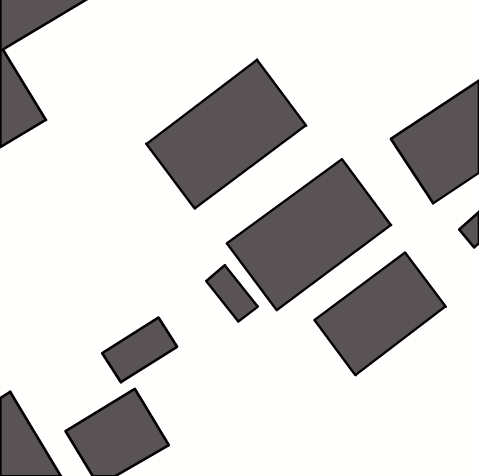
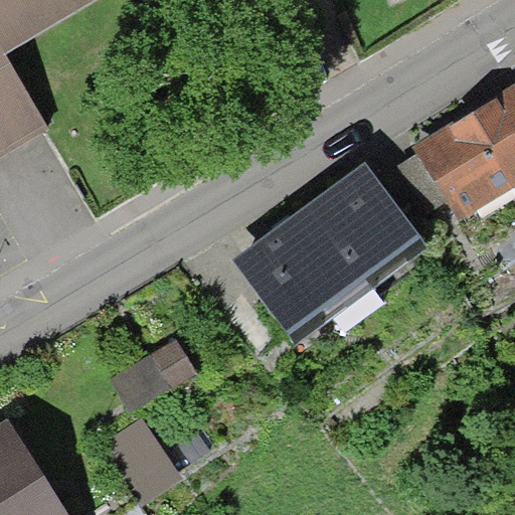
building: [146,60,306,208] -> none
building: [315,253,446,375] -> none

